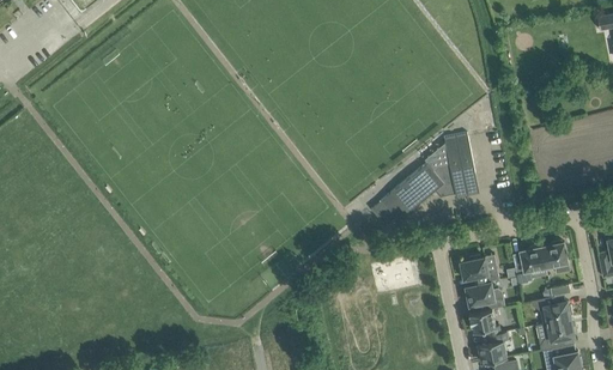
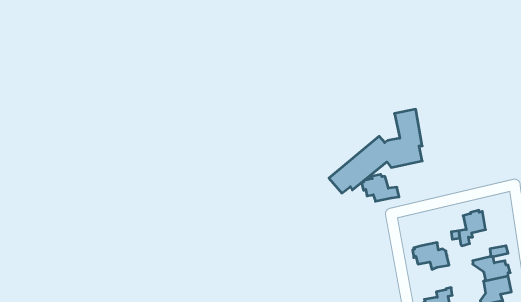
building: [541,241,569,273] -> none
building: [457,255,499,285] -> [361,174,399,201]
building: [468,309,500,336] -> none

